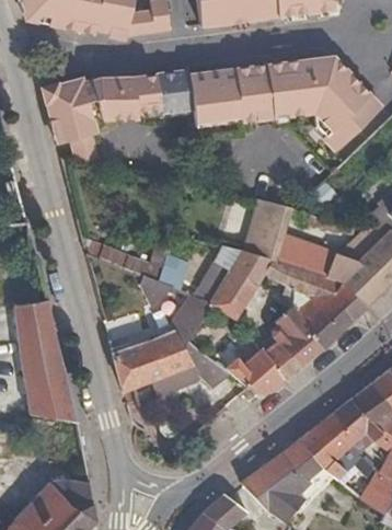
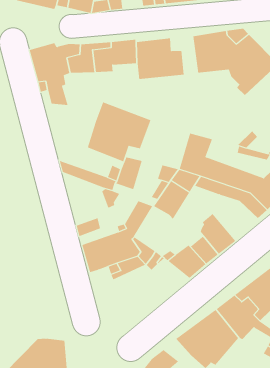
building: [235,69,272,122] -> none
building: none -> [87,102,151,162]
building: [292,285,354,347] -> none
building: [18,300,79,423] -> none

